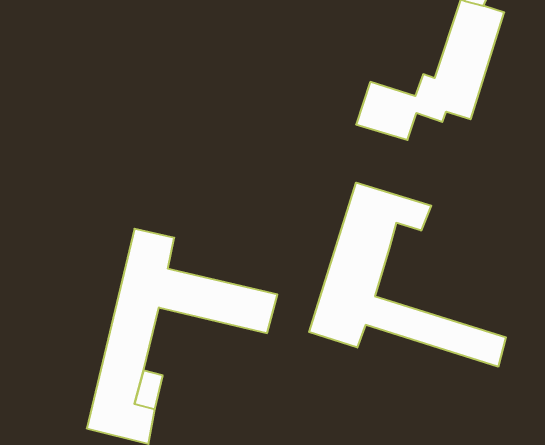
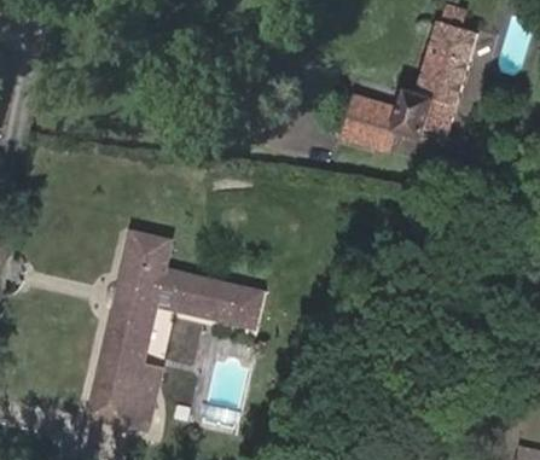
building: [309,183,506,367] -> none

